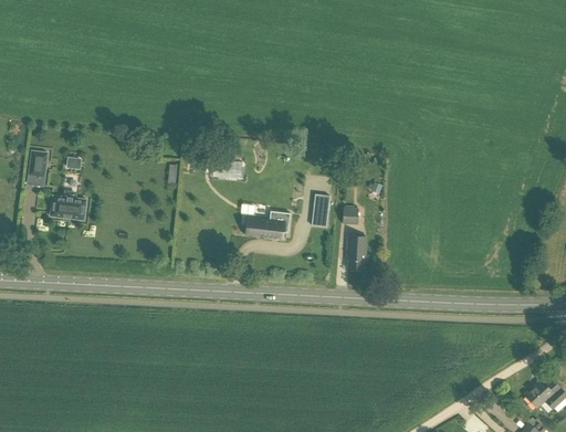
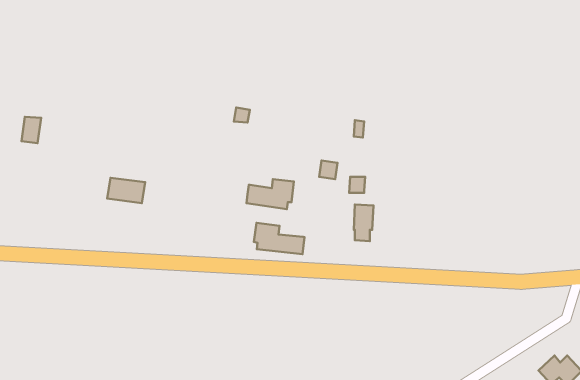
building: [50,196,86,220] -> [107,178,145,203]
building: none -> [254,223,305,254]

